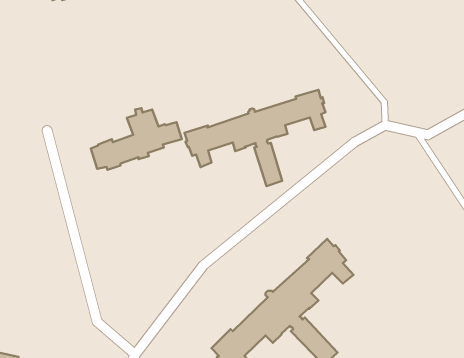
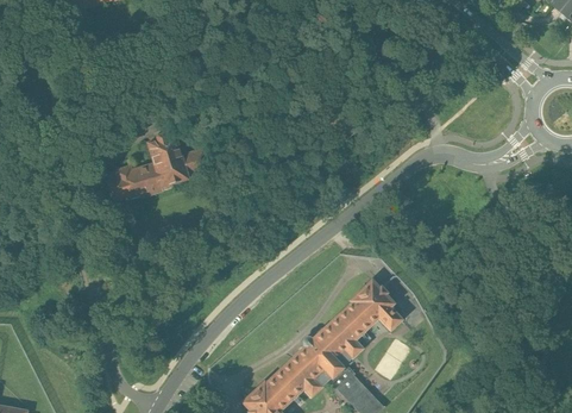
building: [184,90,325,186] -> none

